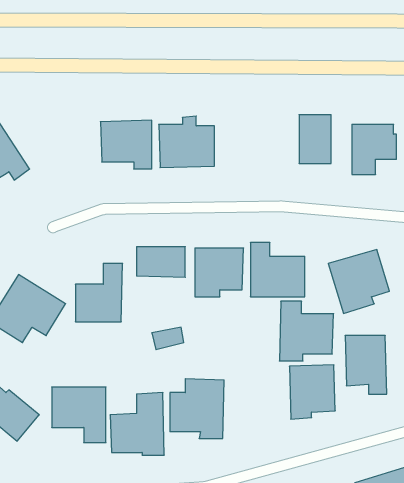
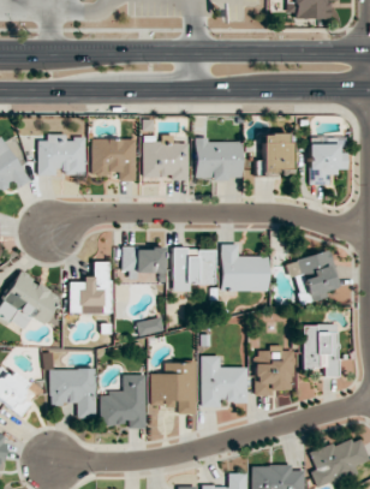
building: none -> [38,133,85,175]
building: none -> [195,139,241,179]
building: [279,301,334,361] -> [201,356,247,407]

